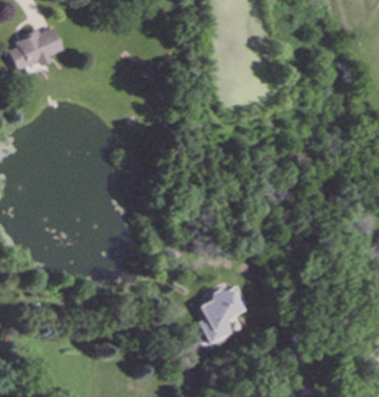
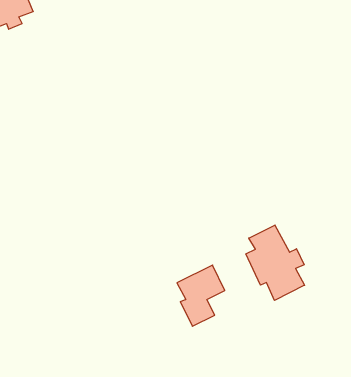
building: none -> [246,225,305,300]

